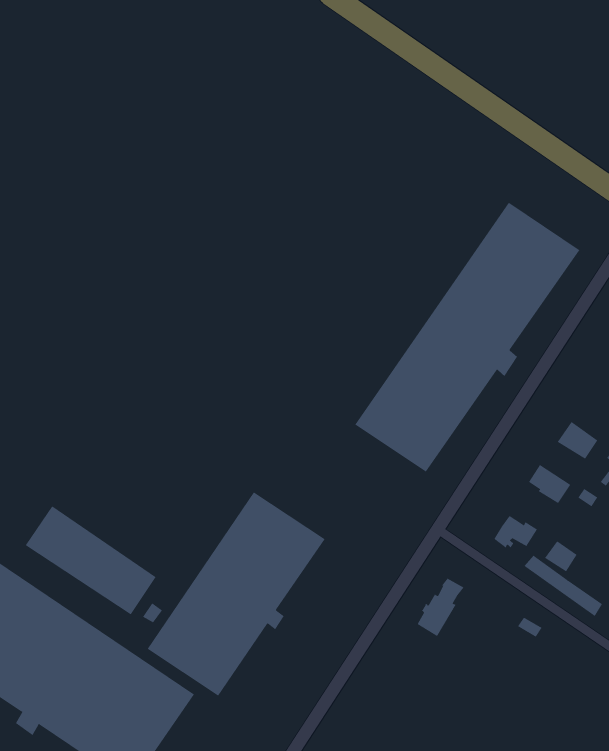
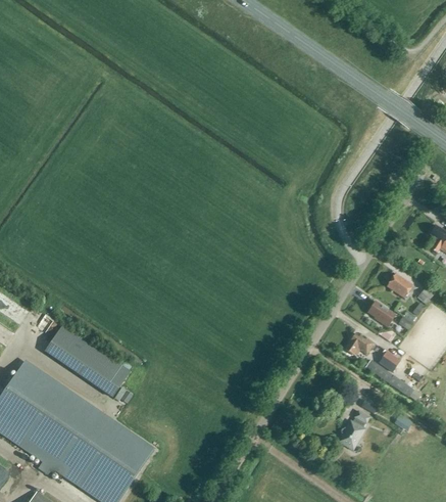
building: [355,202,580,473] -> none
building: [147,491,325,697] -> none
building: [417,578,465,637] -> [340,411,370,449]

